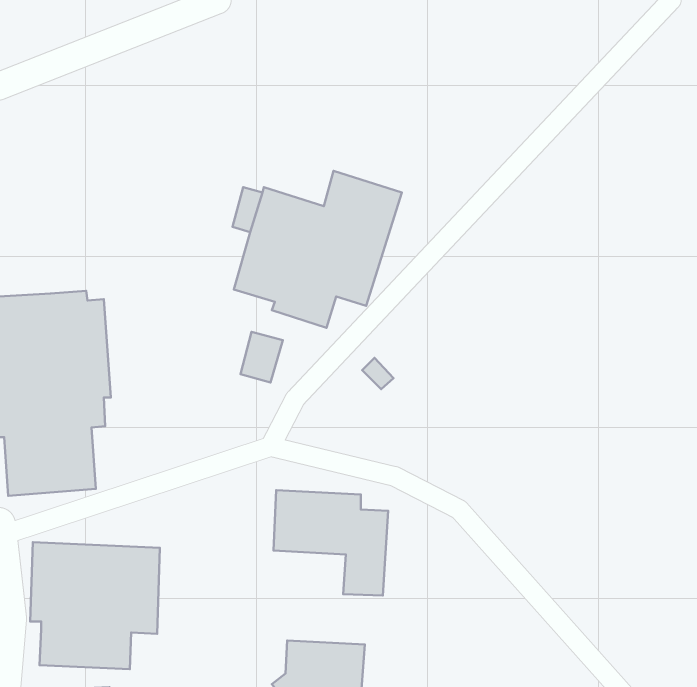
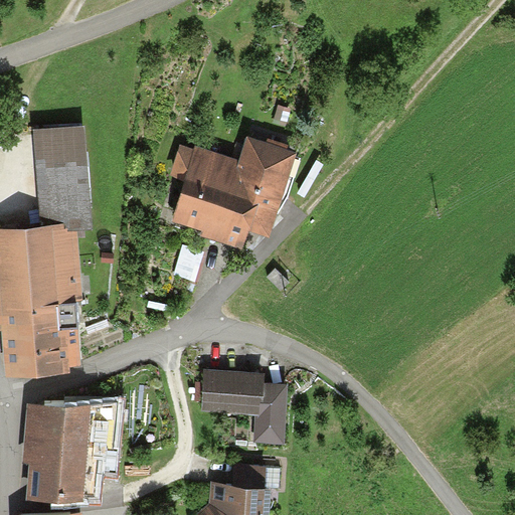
building: none -> [33,128,89,229]

